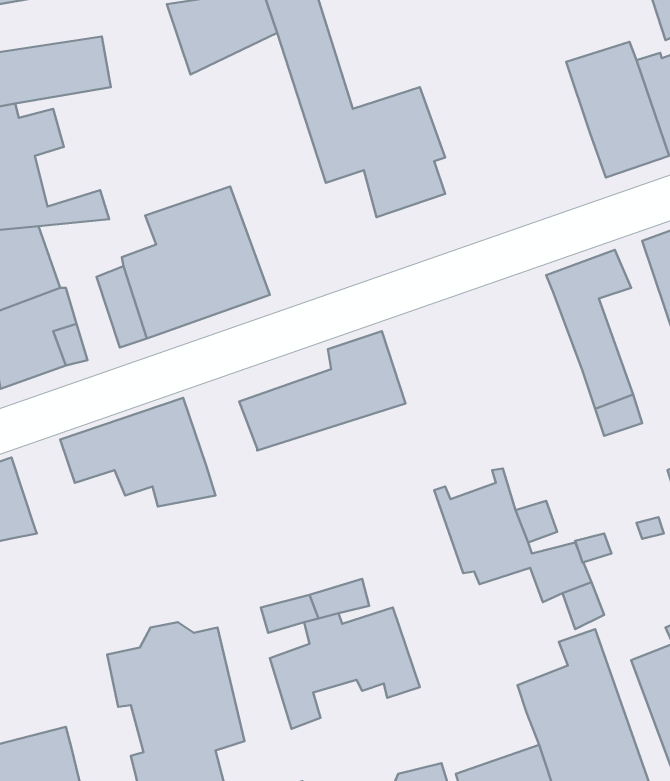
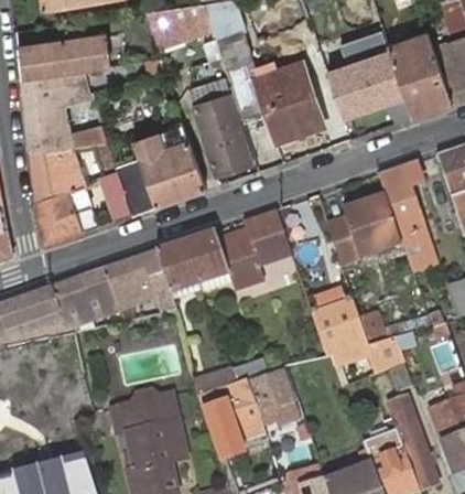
building: none -> [336,29,403,116]
building: none -> [197,94,250,173]
building: none -> [323,187,399,256]
building: none -> [155,241,201,293]
building: none -> [51,277,120,331]

